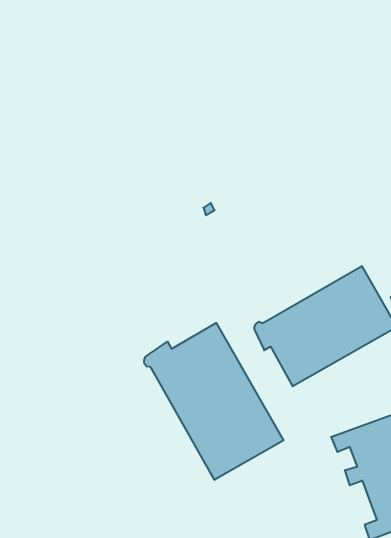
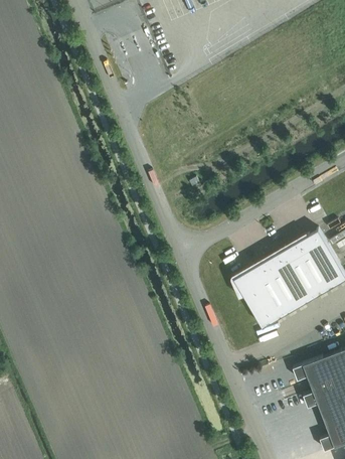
building: [144,323,283,480] -> none

